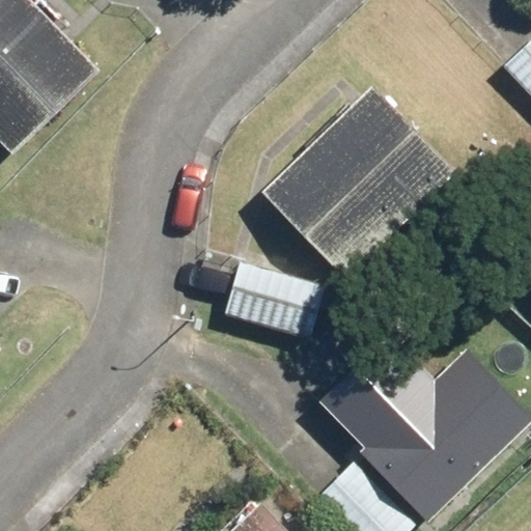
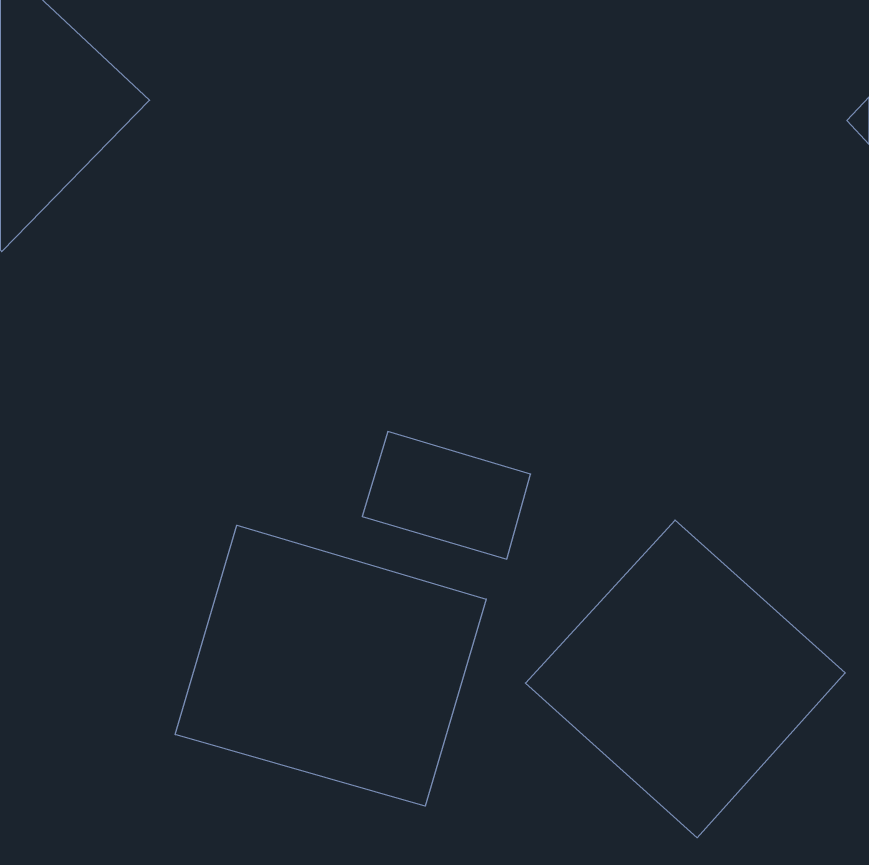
building: [270,96,446,270] -> none
building: none -> [175,525,486,806]

